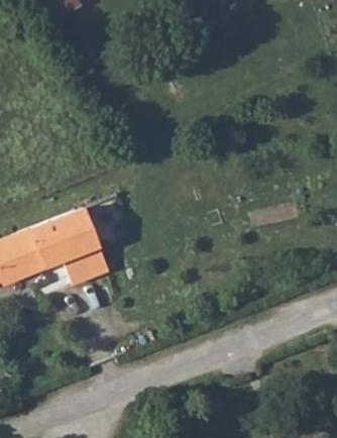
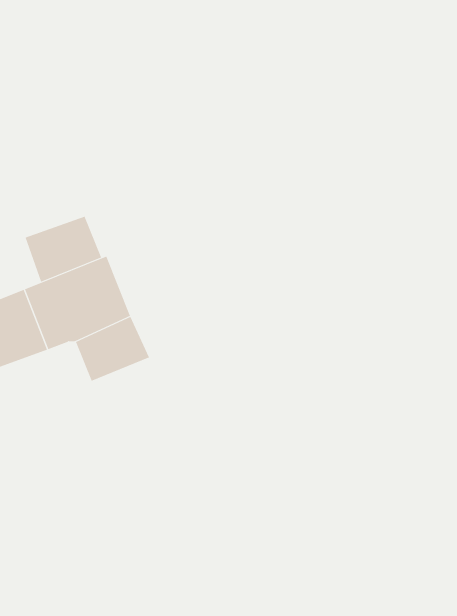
building: none -> [25,216,102,282]

